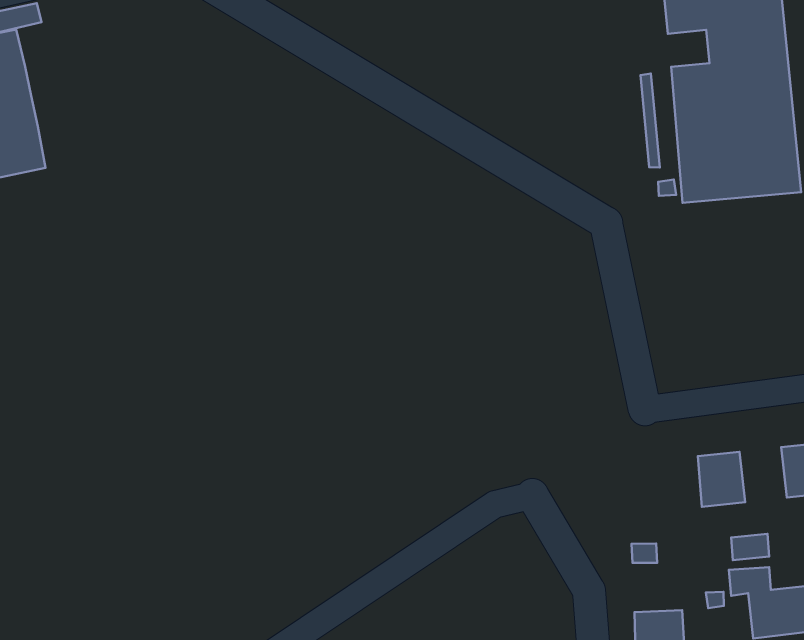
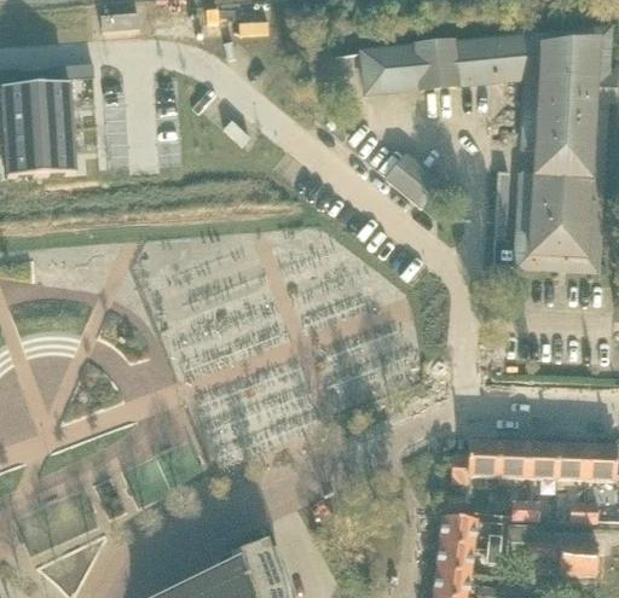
building: none -> [383,152,439,207]
building: none -> [525,443,555,480]
building: none -> [447,441,497,482]
building: none -> [438,516,474,546]

